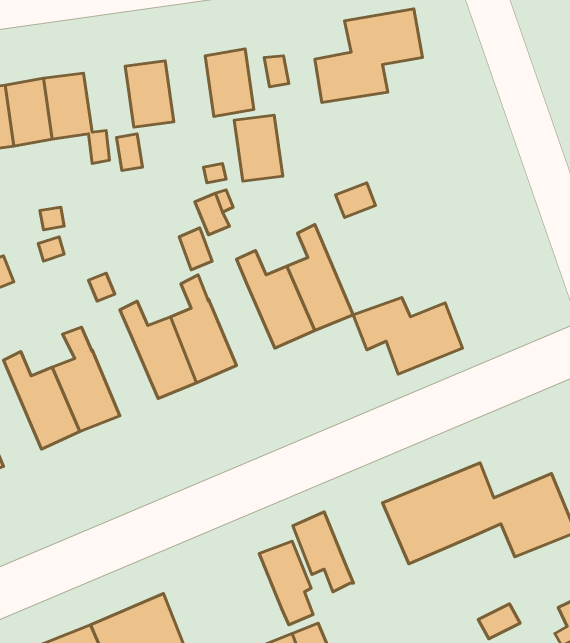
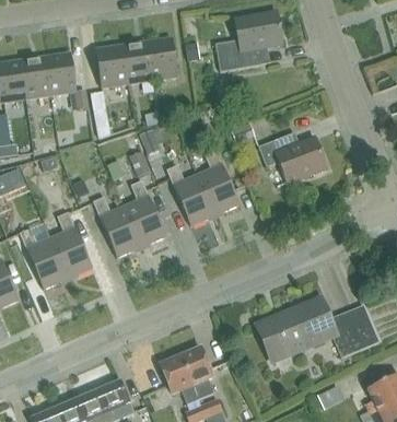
building: [234,115,283,181] -> [121,42,152,83]
building: [353,298,463,374] -> [258,134,327,183]
building: [293,512,354,592] -> [161,354,199,405]

